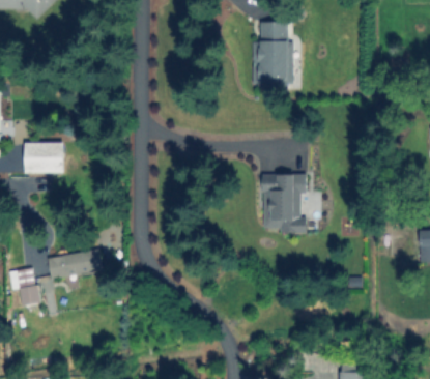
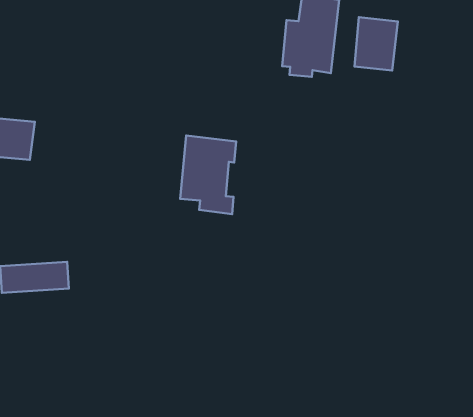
building: none -> [355,17,398,71]
building: [264,173,306,231] -> [180,135,236,214]

